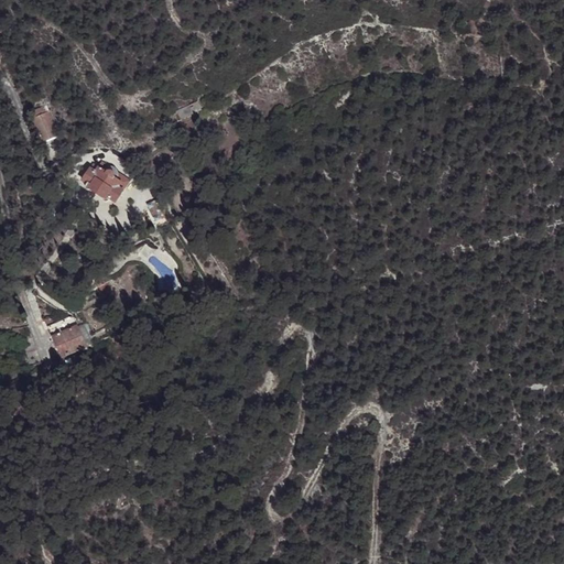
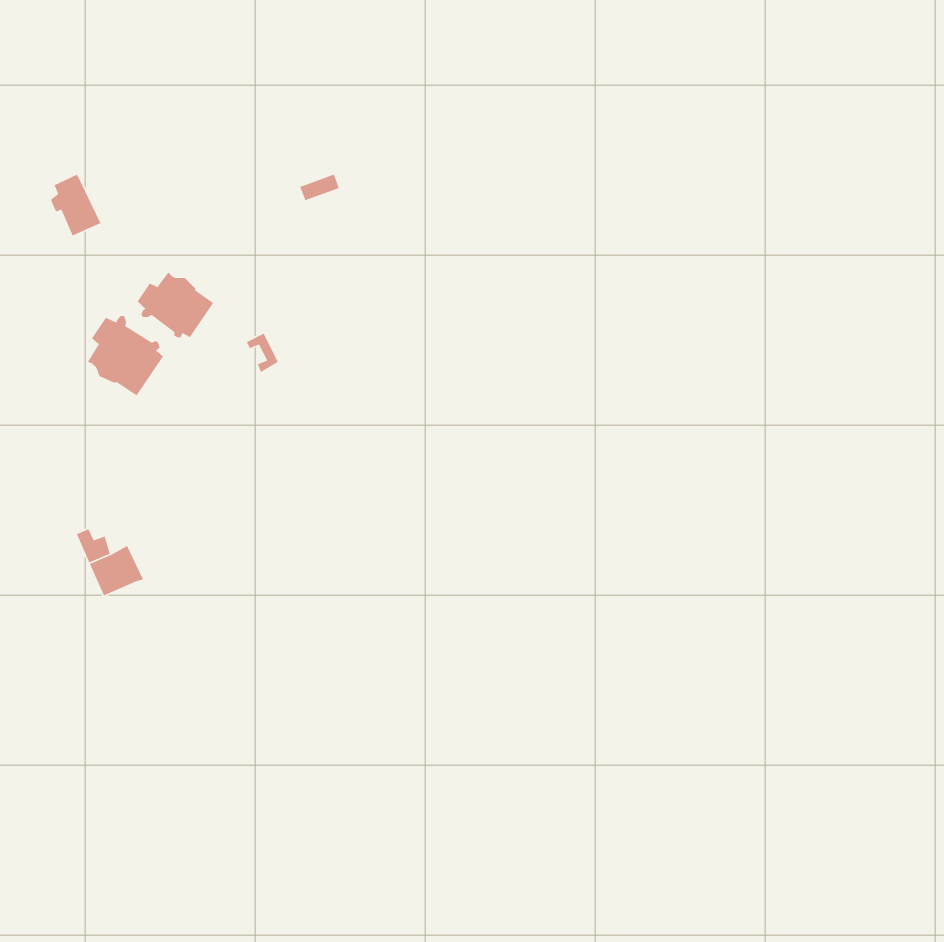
building: none -> [87,315,164,396]

